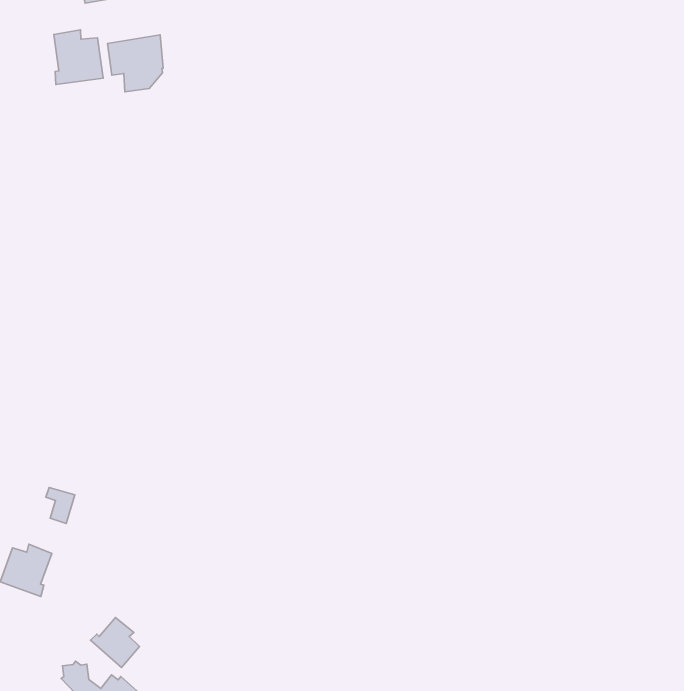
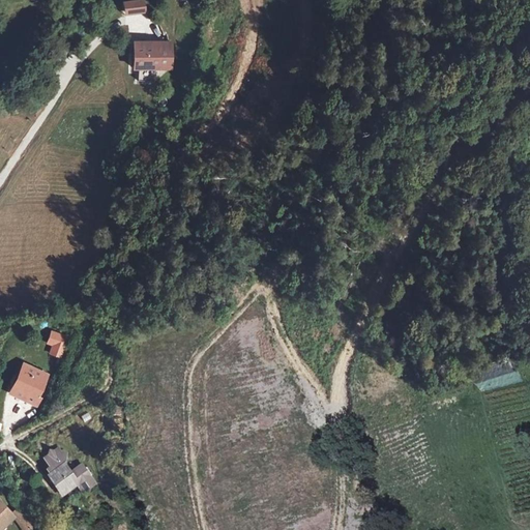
building: [54,30,103,84] -> none
building: [90,617,140,667] -> none

